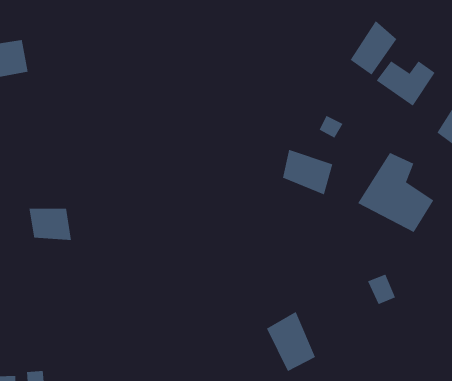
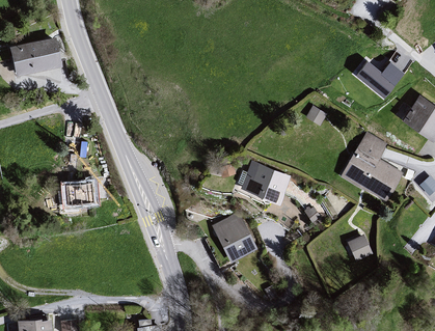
building: [350,20,397,75] -> none
building: [282,149,333,195] -> [245,163,288,201]
building: [266,311,316,372] -> [212,212,253,263]

